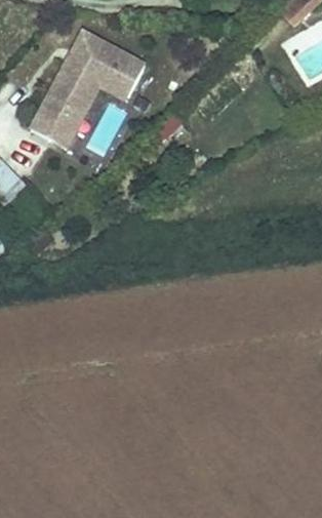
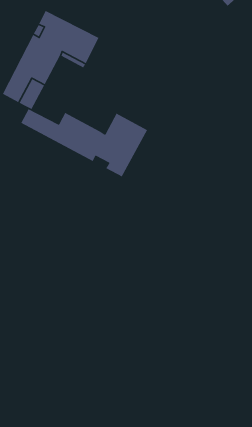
building: none -> [20,108,148,178]

